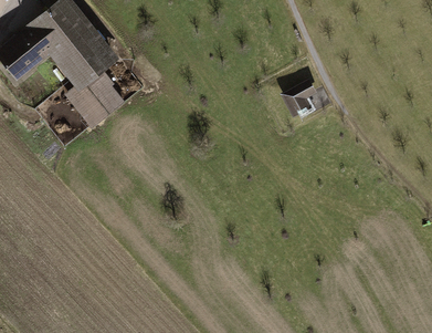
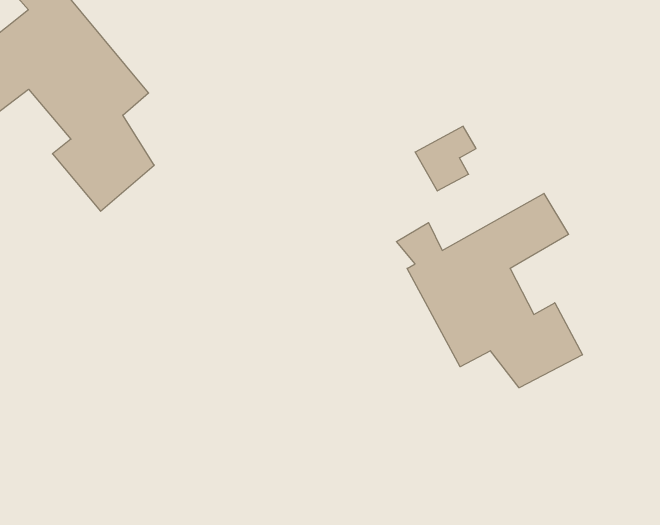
building: none -> [396,193,582,388]

